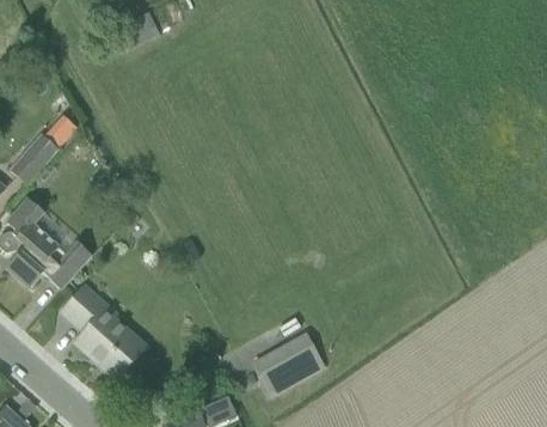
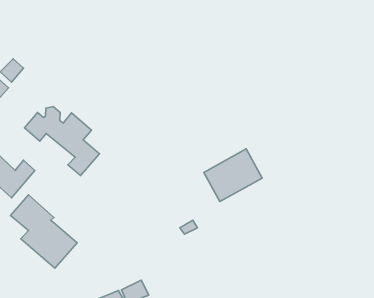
building: none -> [25,106,99,175]
building: [253,331,327,398] -> [204,149,262,202]

